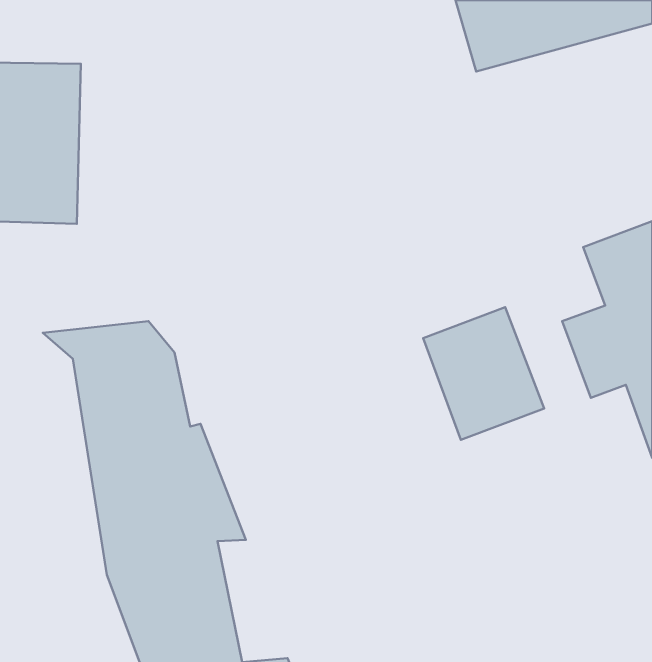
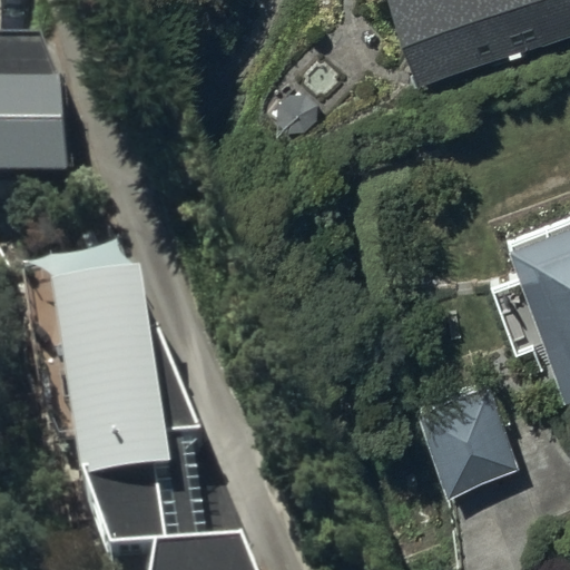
building: [423,307,544,440] -> [405,361,509,474]

